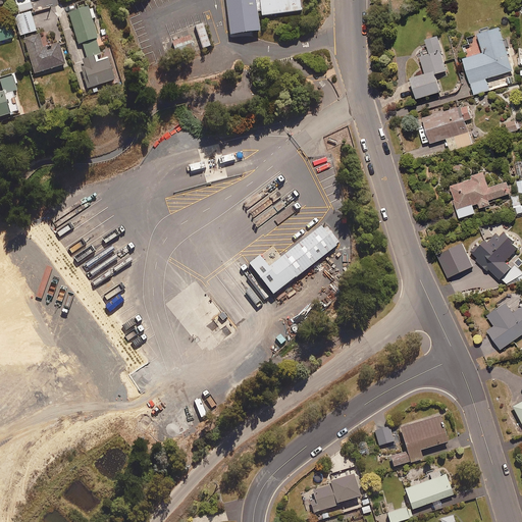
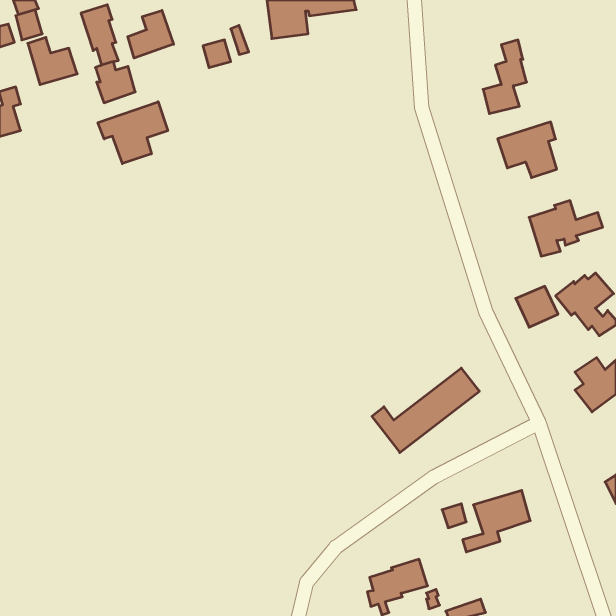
building: none -> [128,10,174,58]
building: [461,25,511,95] -> none
building: none -> [98,102,168,164]
building: [250,224,341,296] -> [372,368,479,453]
building: [405,470,454,510] -> none

